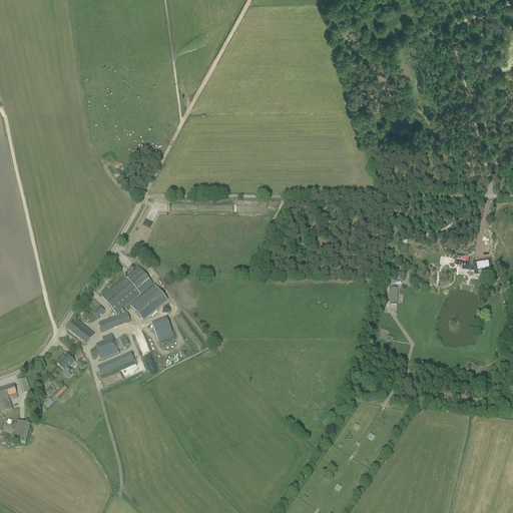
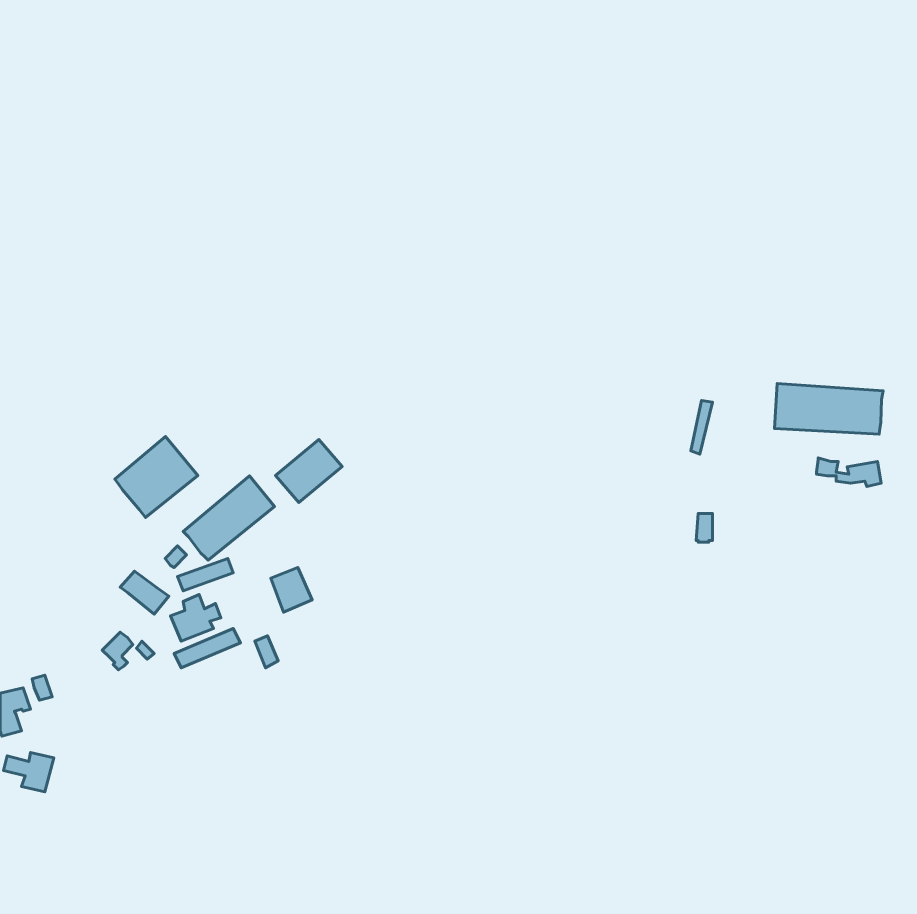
building: none -> [774,384,883,434]
building: none -> [115,436,198,518]
building: [130,285,167,320] -> [276,440,342,502]

